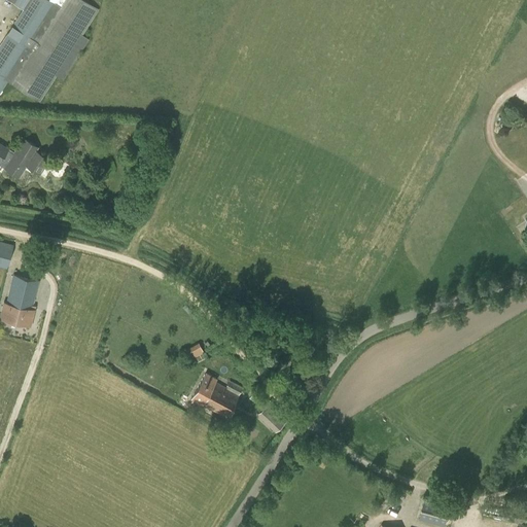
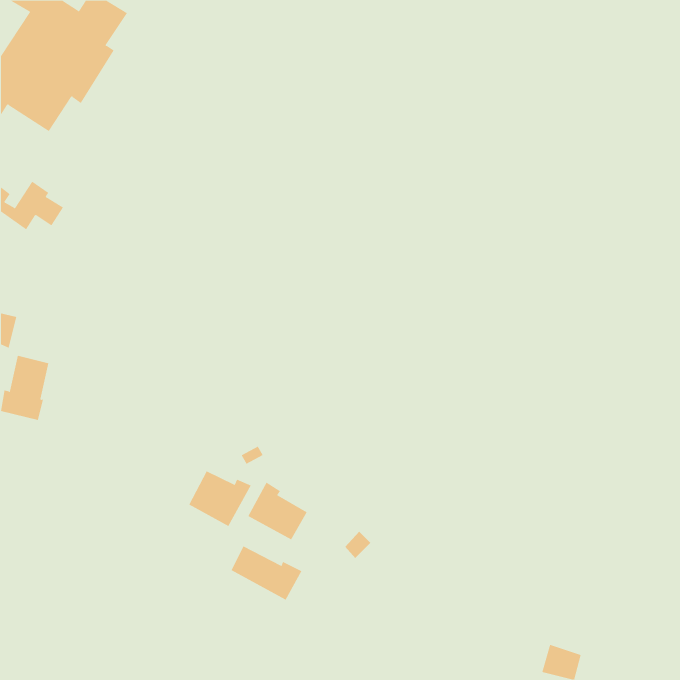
building: none -> [188,470,251,527]
building: none -> [231,546,302,600]

